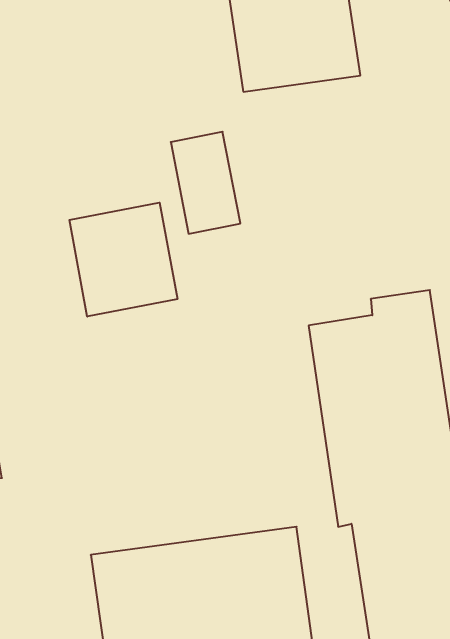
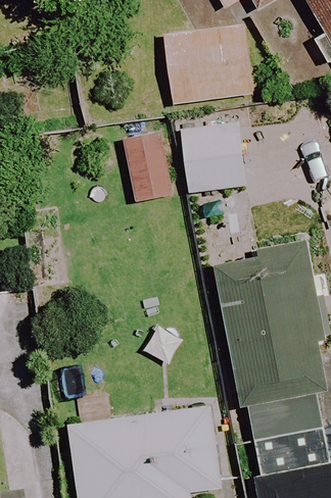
building: none -> [181,122,246,191]
building: [69,203,177,317] -> none

